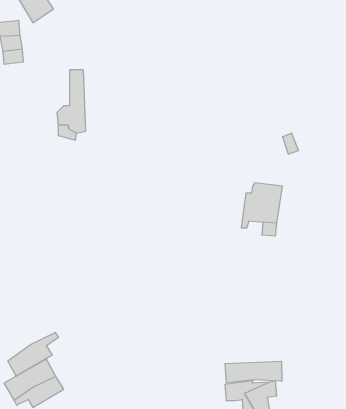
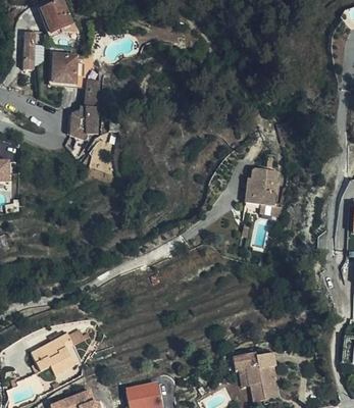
building: none -> [54,55,89,83]
building: [8,332,59,376] -> none
building: [225,361,282,383] -> none

